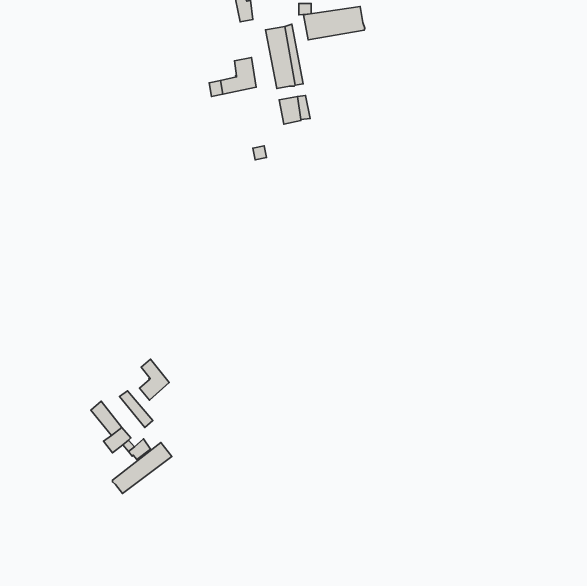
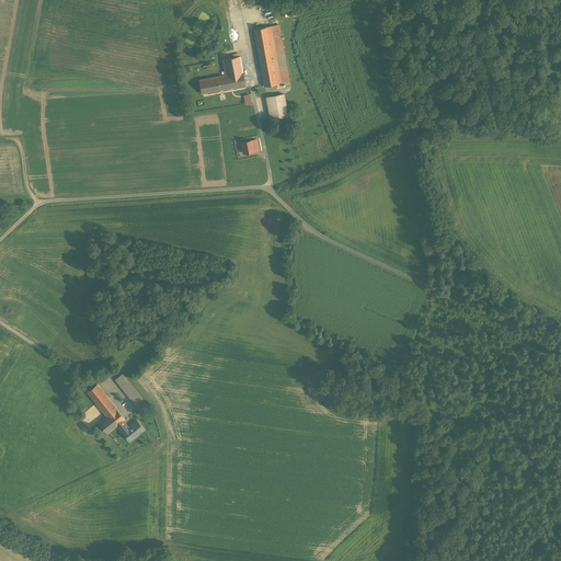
building: [304,6,365,40] -> none
building: [140,359,169,400] -> none
building: [112,443,172,493] -> none

